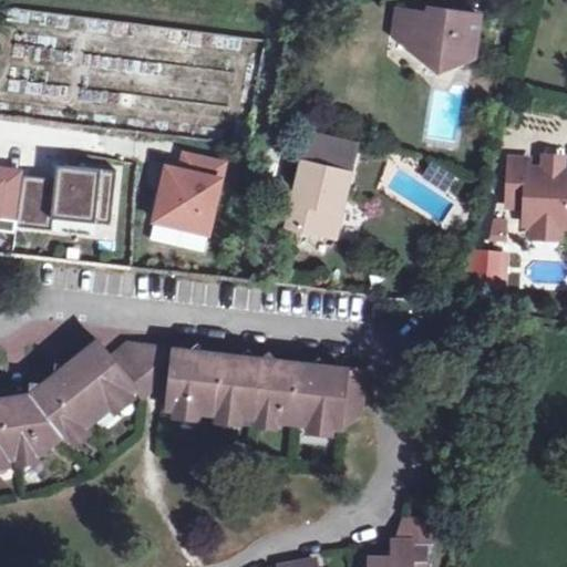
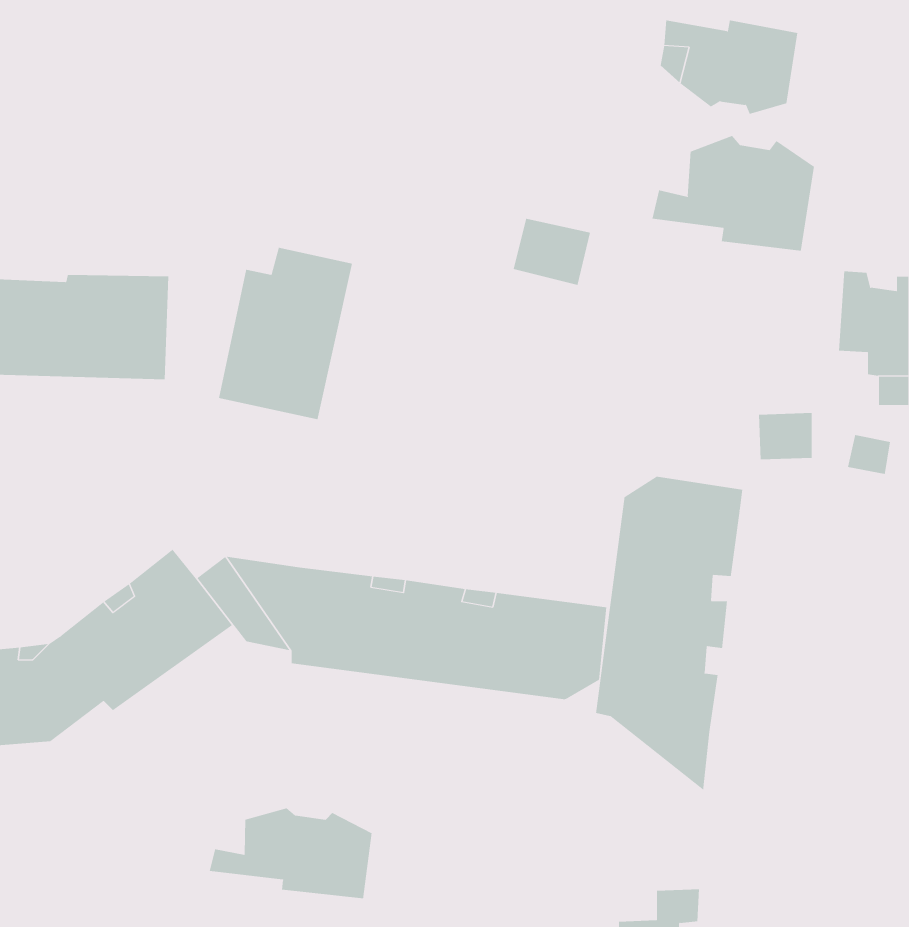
building: none -> [652,135,814,252]
building: [291,164,352,239] -> none
building: none -> [595,476,743,791]
building: none -> [209,807,372,899]

